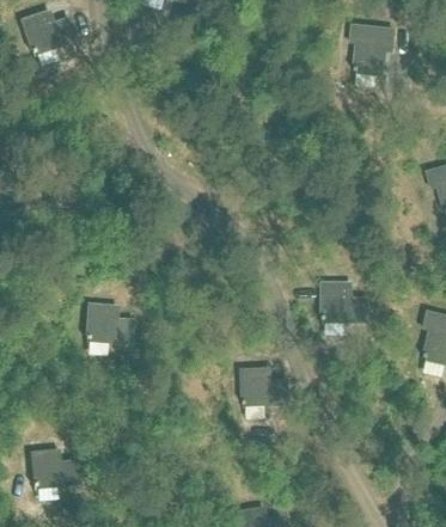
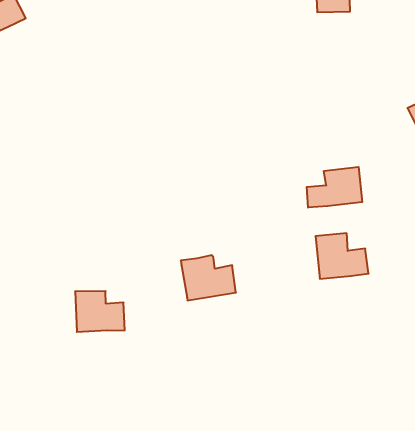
building: none -> [307,167,362,208]
building: [240,366,288,405] -> [181,255,236,300]

